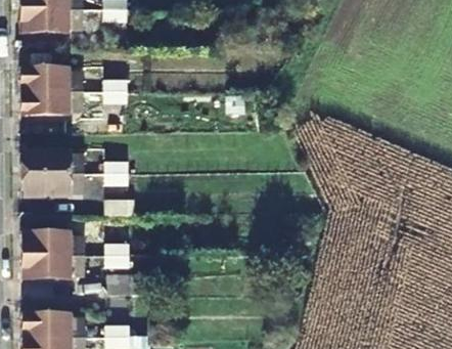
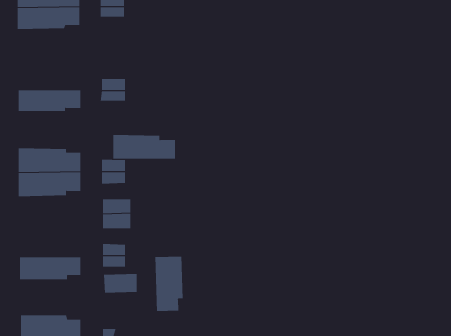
building: [22,69,85,93] -> [112,134,176,159]
building: [24,233,85,258] -> none
building: none -> [155,256,183,312]

